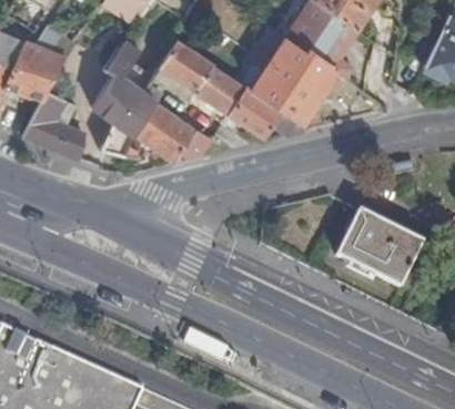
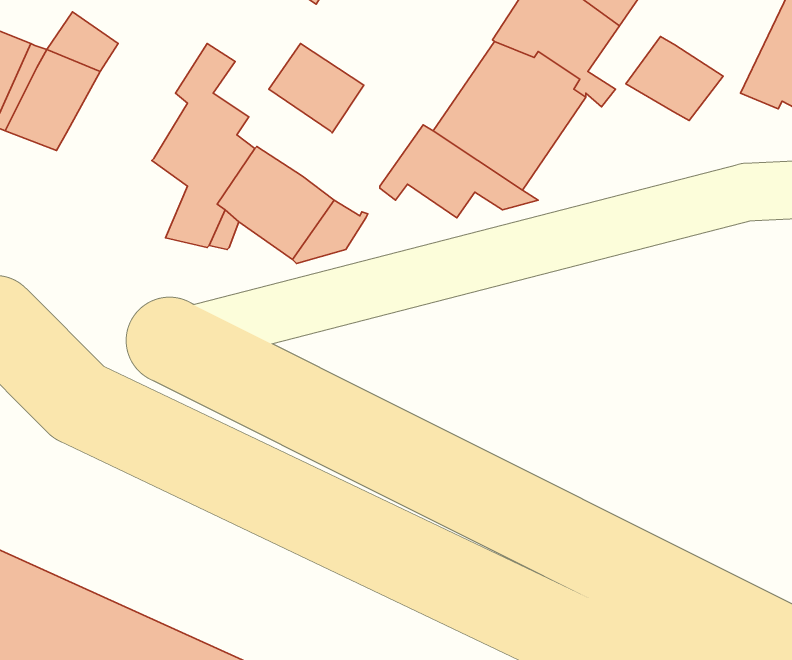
building: none -> [626,37,723,121]
building: [194,65,245,114] -> none
building: [22,92,83,161] -> none
building: [334,209,422,288] -> none

